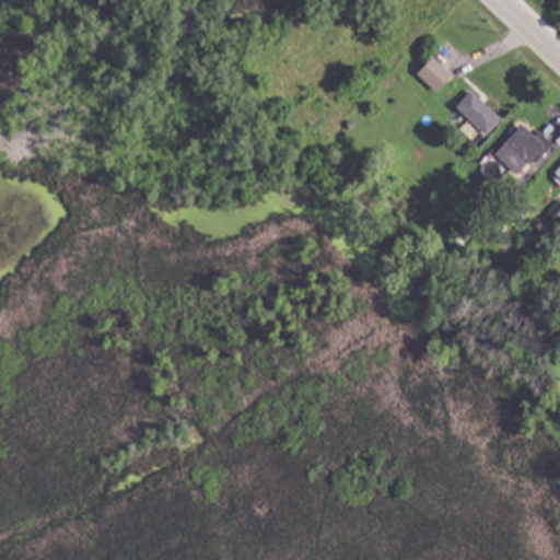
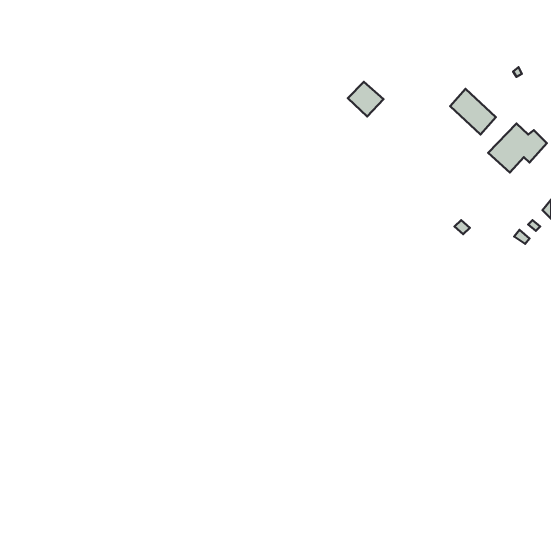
building: [411,58,447,93] -> [348,82,383,117]

